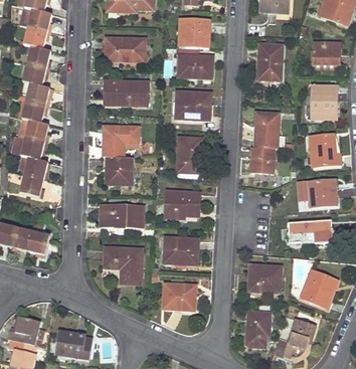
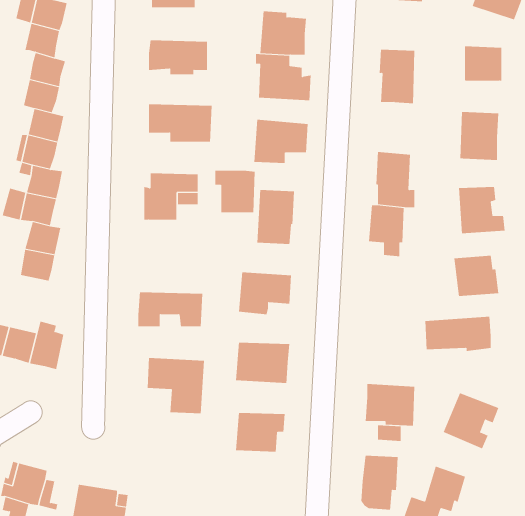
building: [105,156,132,184] -> [214,170,256,213]

